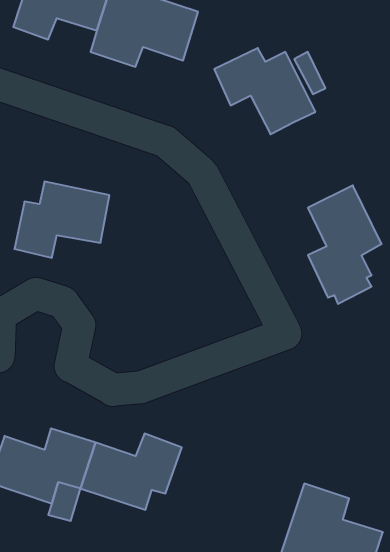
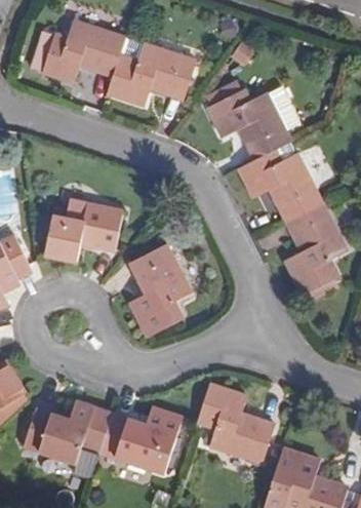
building: none -> [238,150,322,221]
building: none -> [129,243,190,338]
building: none -> [196,383,274,462]

